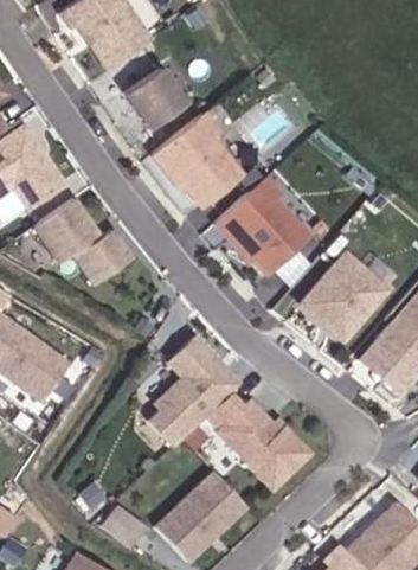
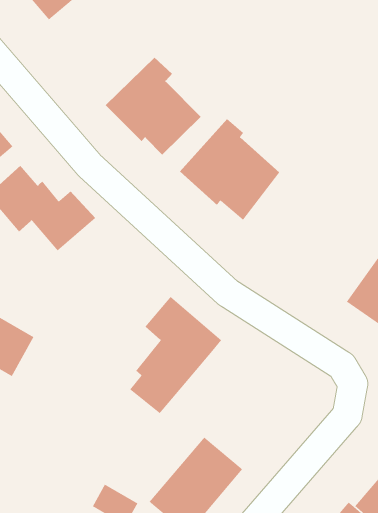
building: [124,66,187,129] -> none
building: [300,252,387,341] -> none
building: [205,393,310,491] -> none

